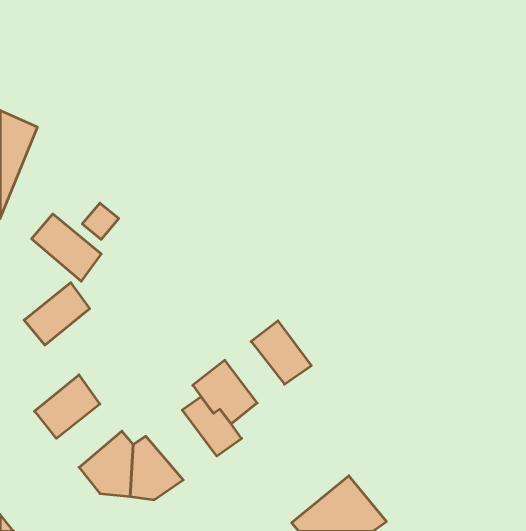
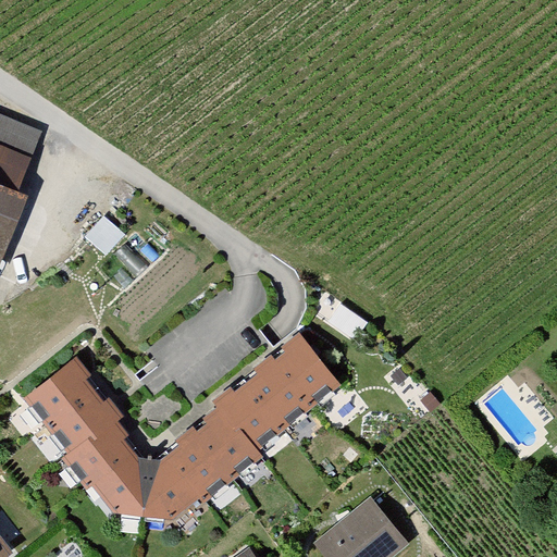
building: [32,214,101,281] -> none
building: [24,283,90,345] -> [21,364,89,430]
building: none -> [242,357,304,421]
building: none -> [65,422,134,488]
building: none -> [159,429,233,502]

